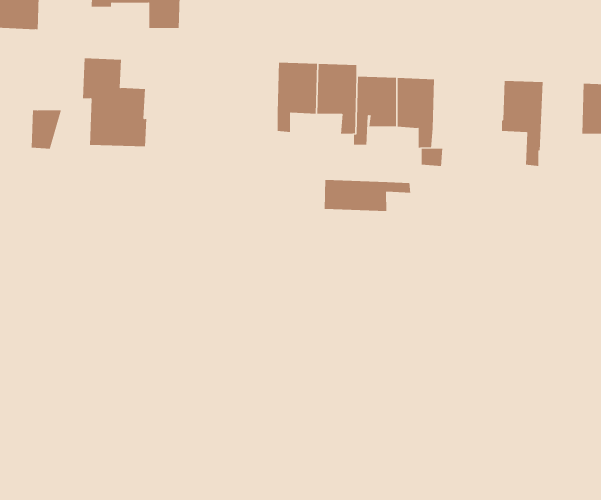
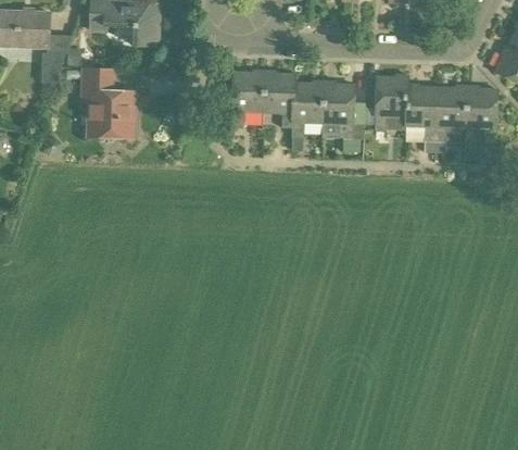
building: none -> [375,75,407,129]
building: none -> [435,86,468,139]
building: [31,110,62,149] -> [41,51,65,82]
building: [324,179,411,212] -> none

